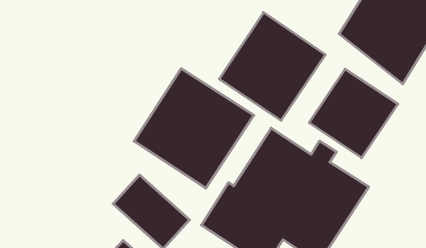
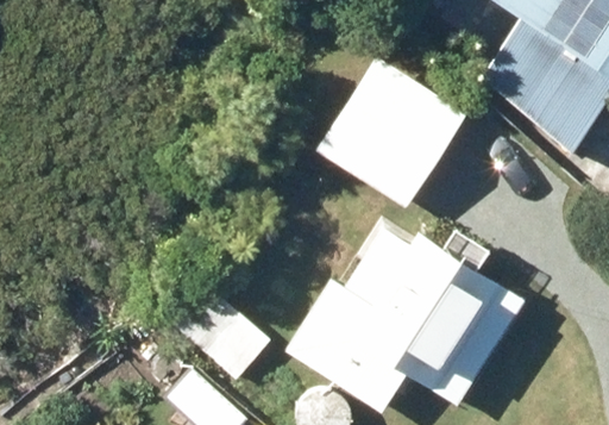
building: [134,69,254,188] -> none
building: [309,69,398,158] -> none

